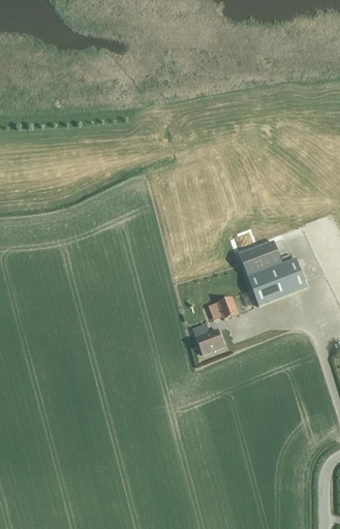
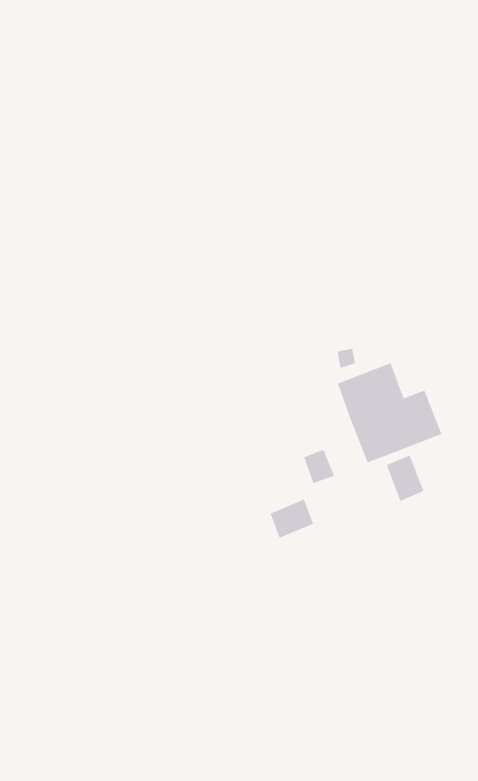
building: none -> [386,454,425,502]

